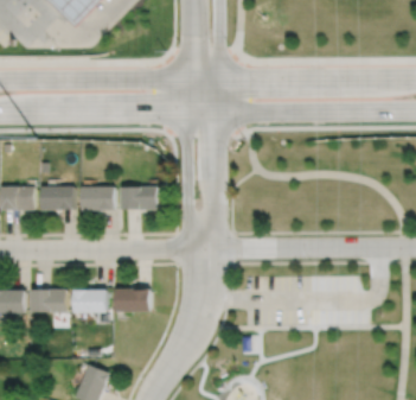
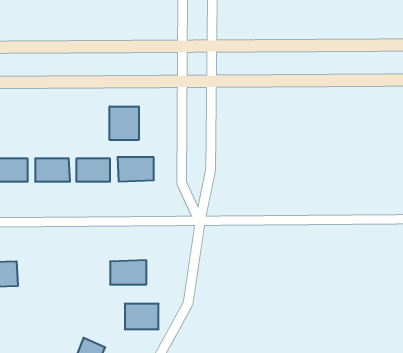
building: none -> [110,106,139,140]
building: [30,288,66,312] -> none
building: [73,288,107,313] -> [125,304,159,329]

